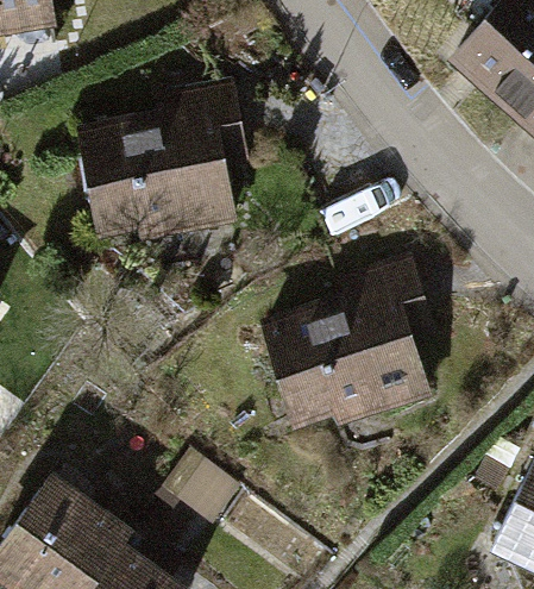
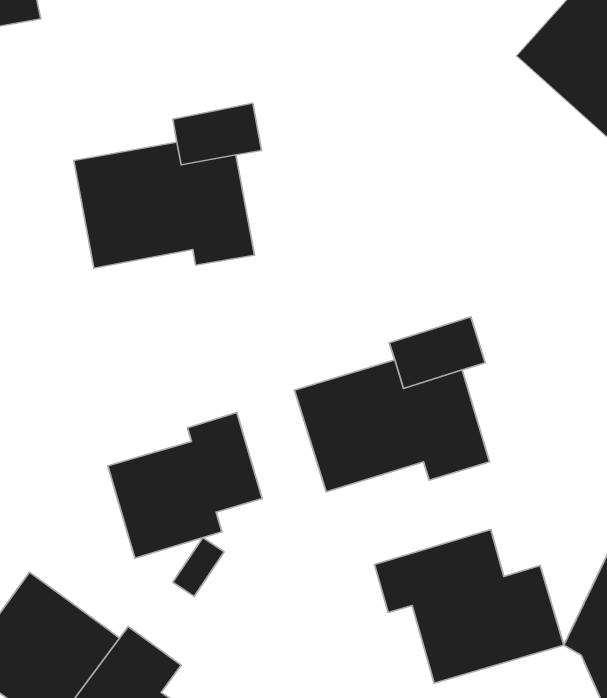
building: none -> [108,413,262,558]
building: none -> [375,529,564,683]

